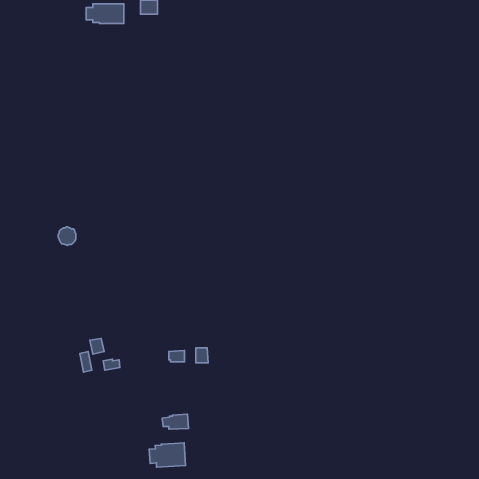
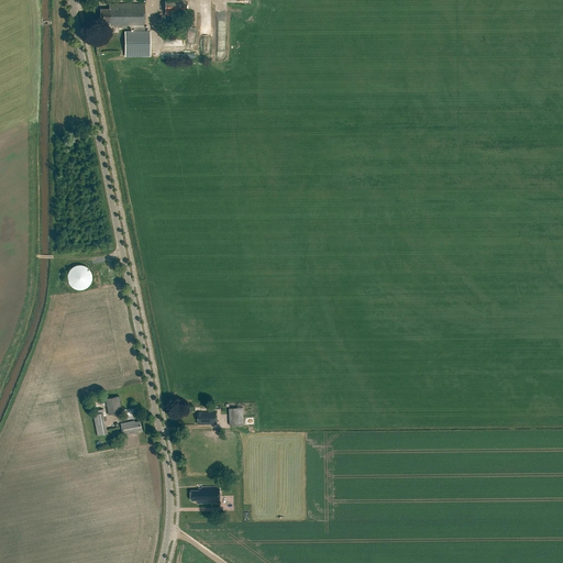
building: none -> [125,27,151,56]
building: [149,443,185,467] -> none

